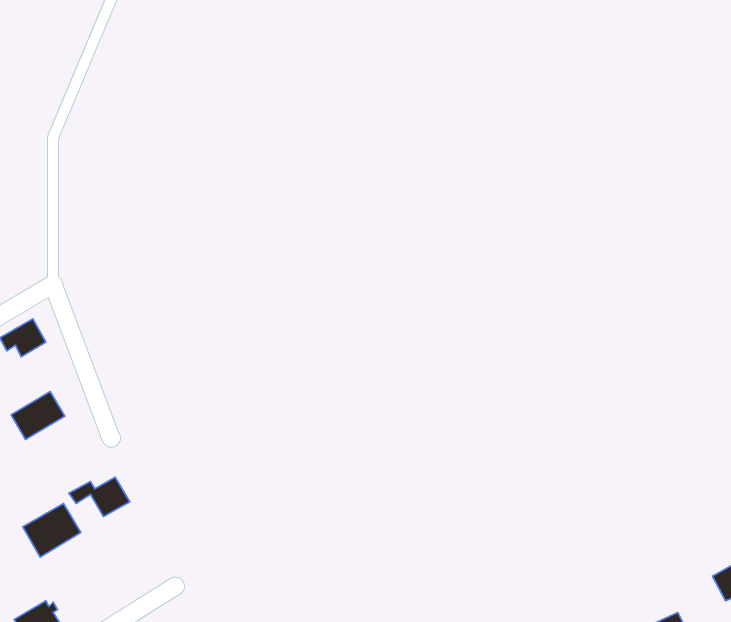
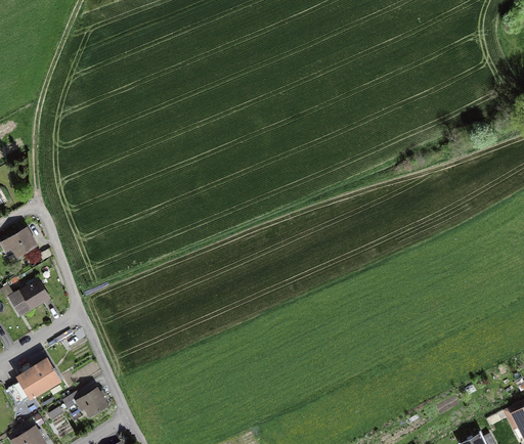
building: [69,477,130,516] -> [63,388,106,415]

